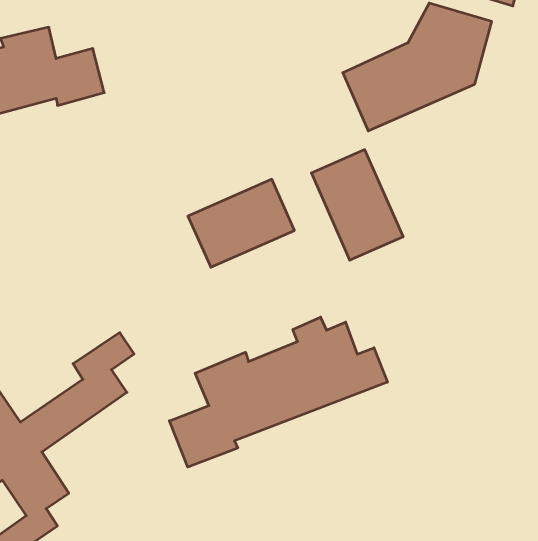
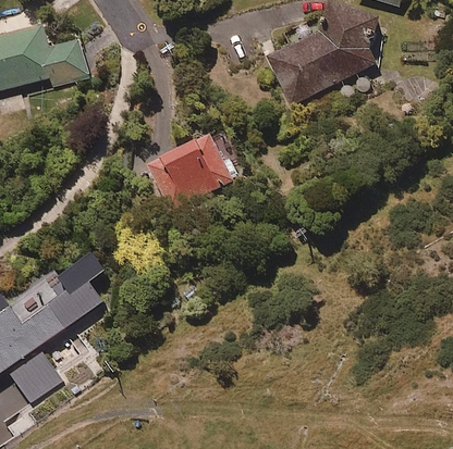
building: [311,150,403,260] -> none
building: [169,317,387,467] -> none

